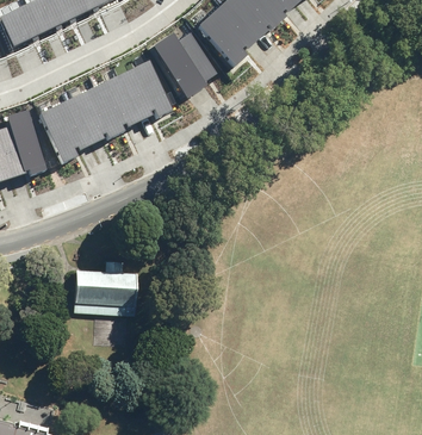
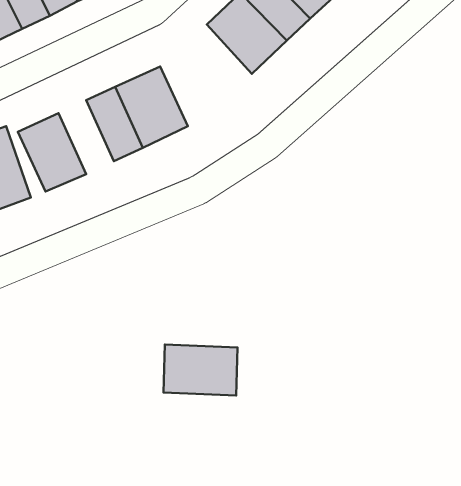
building: [149,27,217,100] -> none
building: [73,89,118,150] -> none
building: [77,268,138,310] -> [163,345,238,395]

